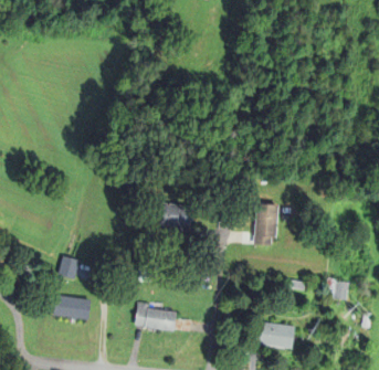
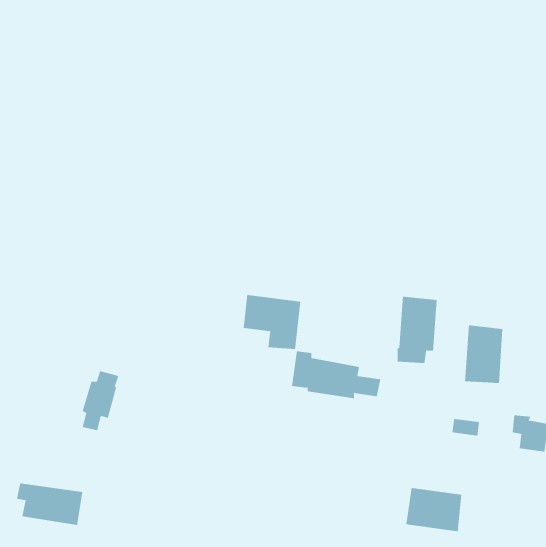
building: none -> [465,325,503,384]
building: [49,294,91,320] -> [16,483,83,525]
building: [134,303,190,332] -> [291,351,381,399]

